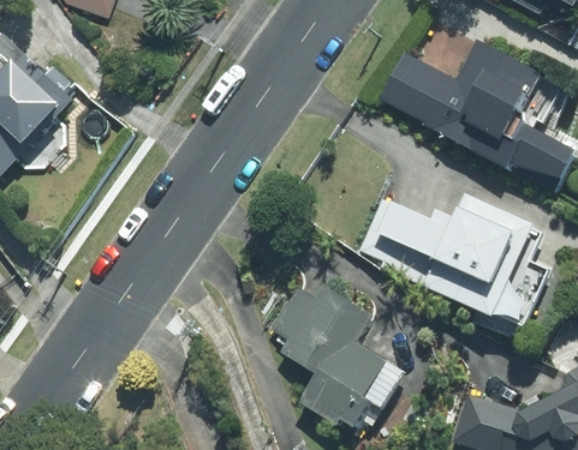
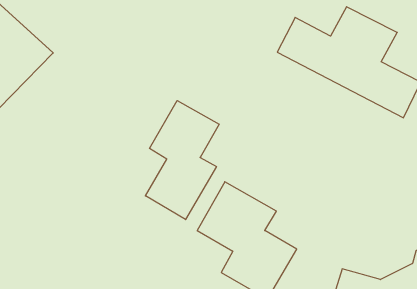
building: none -> [145,101,219,220]
building: [353,193,560,326] -> none

